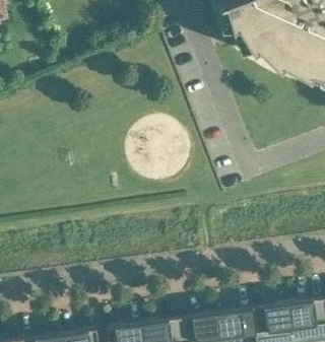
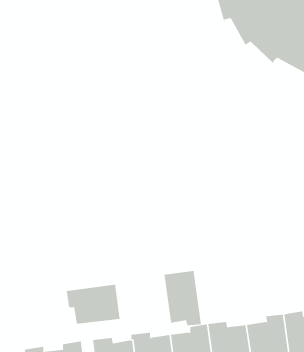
building: none -> [164,270,201,326]
building: none -> [66,284,120,325]

